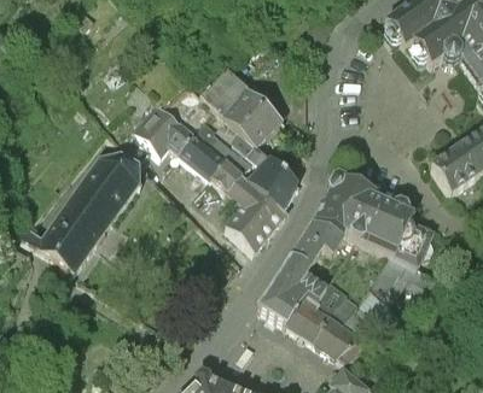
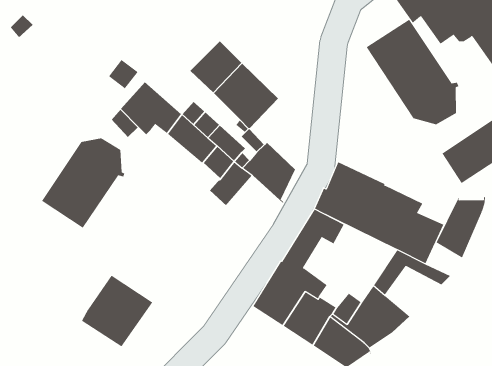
building: none -> [366,19,459,125]
building: [227,182,287,245] -> none
building: none -> [436,196,485,258]
building: [37,205,104,271] -> [81,275,153,347]

